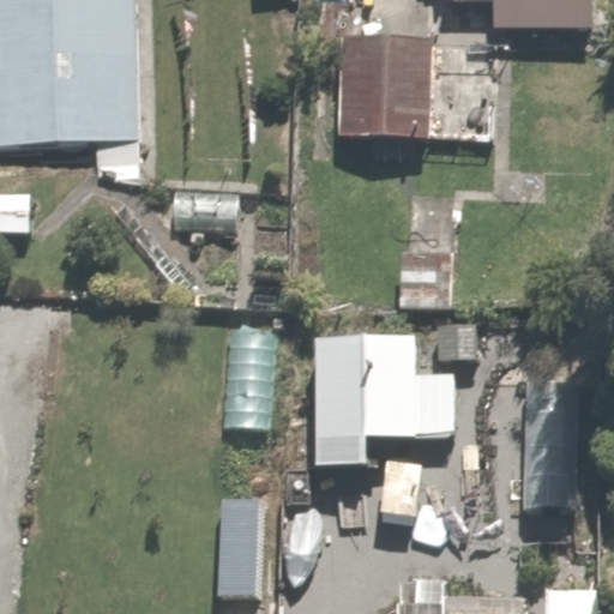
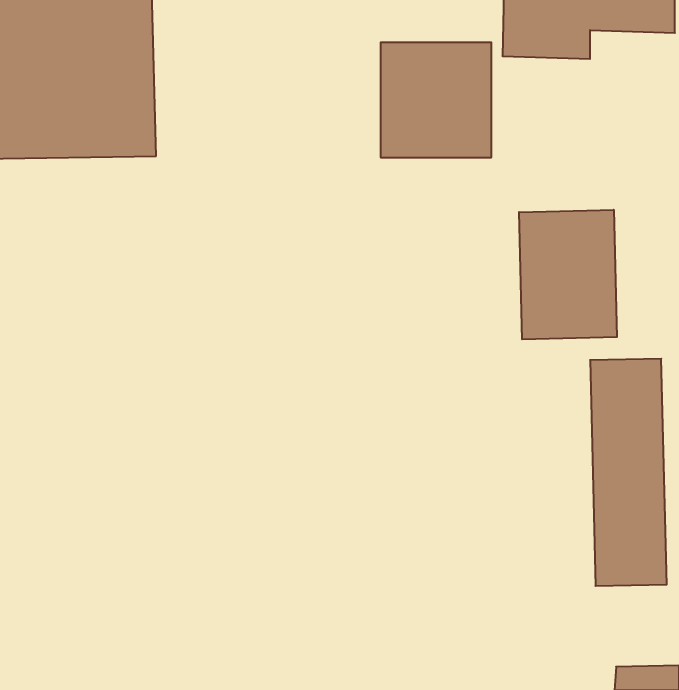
building: none -> [519,210,617,339]
building: [315,331,459,472] -> none

